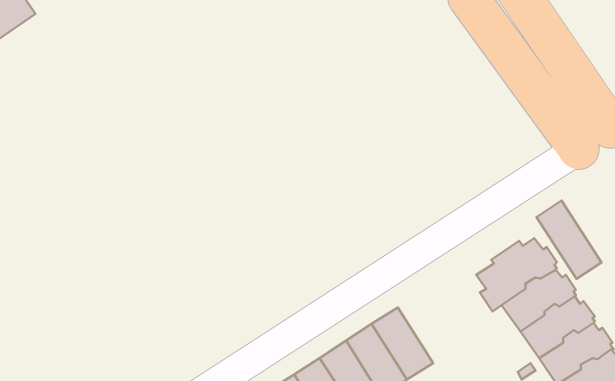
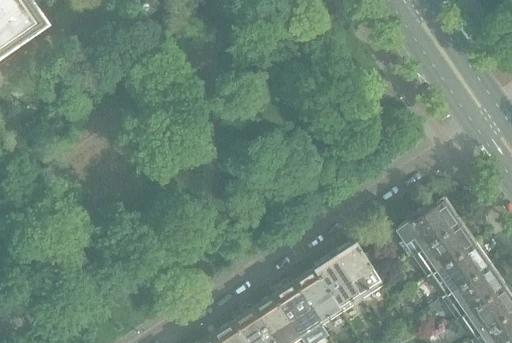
building: [536,200,601,279] -> none
building: none -> [333,243,395,301]

